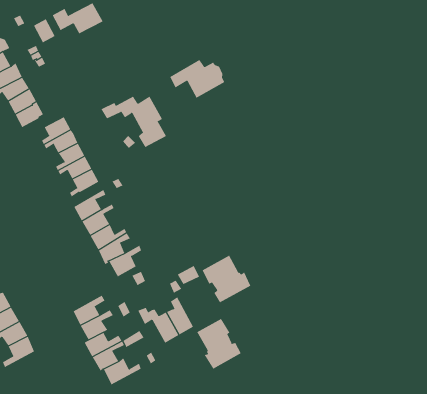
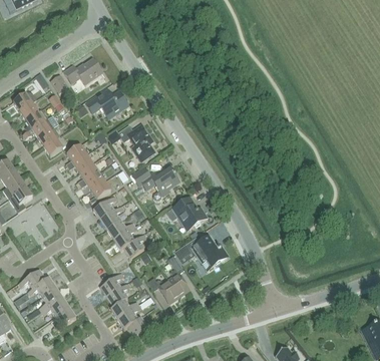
building: [169,59,225,99] -> [87,89,128,118]
building: none -> [132,166,179,200]
building: none -> [167,197,208,229]
building: [196,318,242,369] -> none

